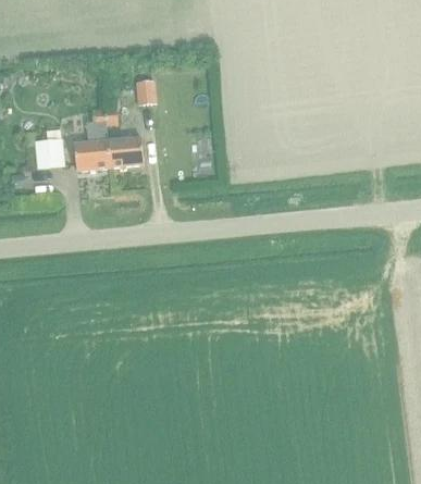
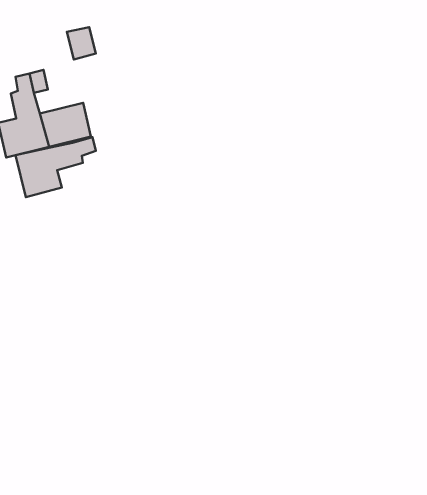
building: none -> [16,137,96,197]

